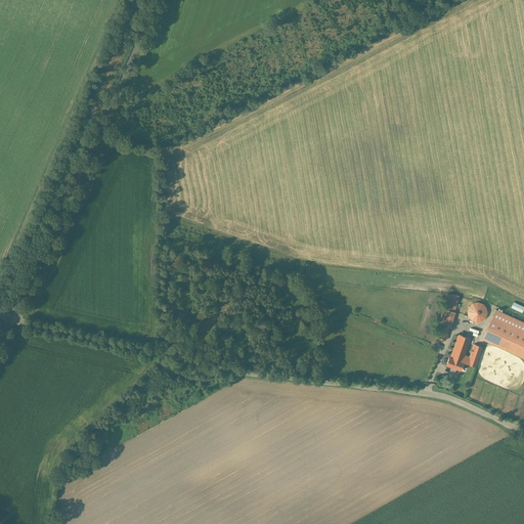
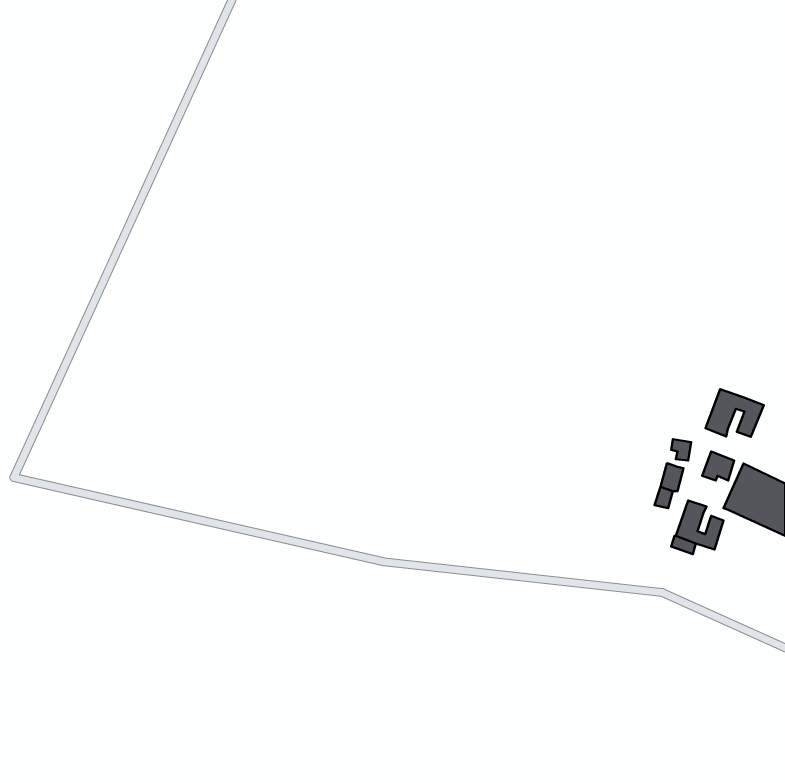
building: none -> [705,389,764,437]

